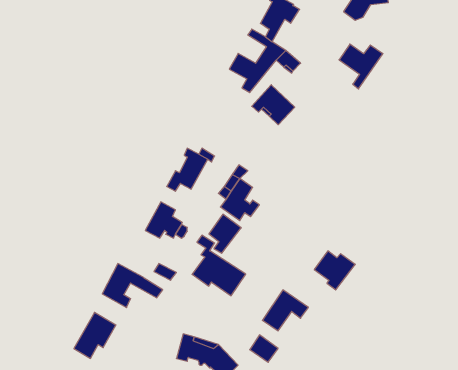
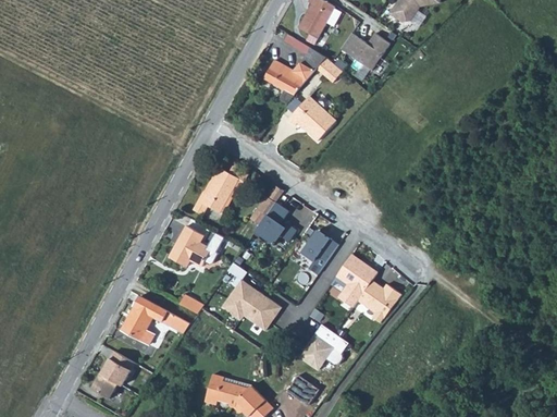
building: [339,44,383,89] -> [341,32,389,82]
building: [209,214,241,253] -> [304,230,339,273]
building: none -> [336,254,379,308]

